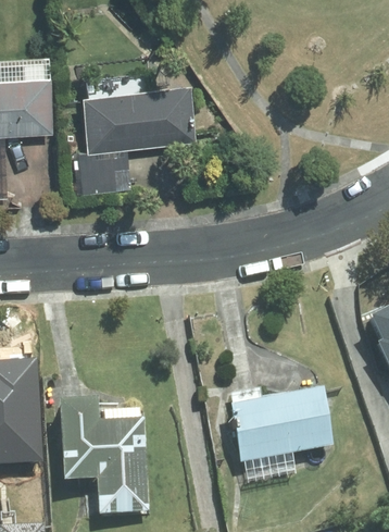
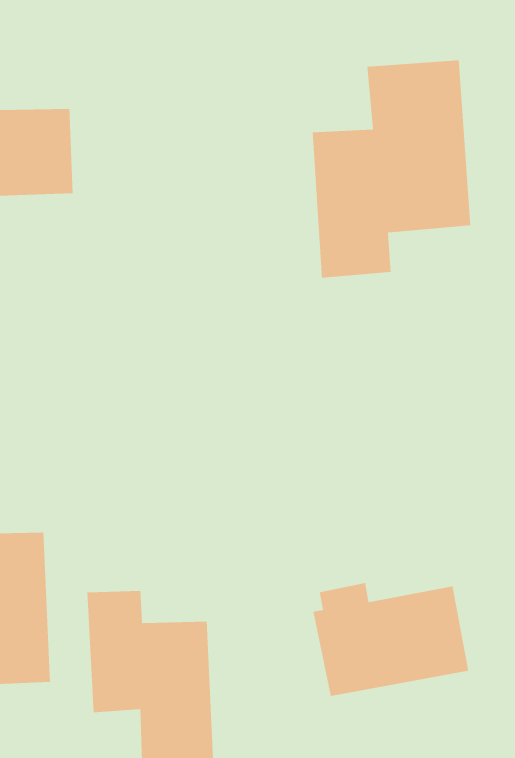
building: none -> [312,60,471,278]
building: [81,83,199,191] -> none

